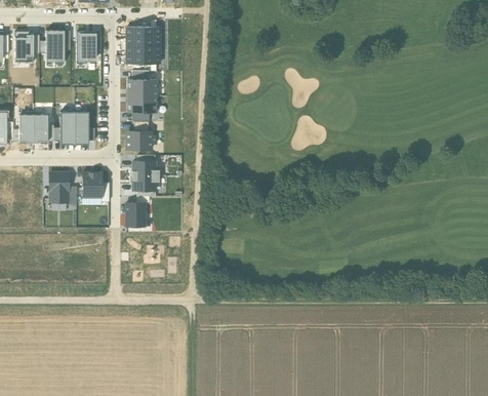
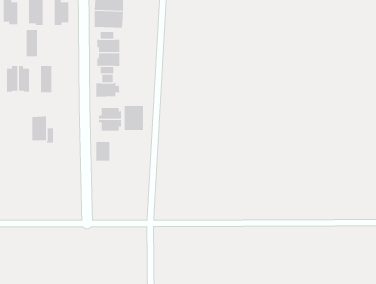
building: [75,111,89,144] -> [26,30,38,57]
building: none -> [124,105,143,131]
building: [83,172,103,196] -> none

